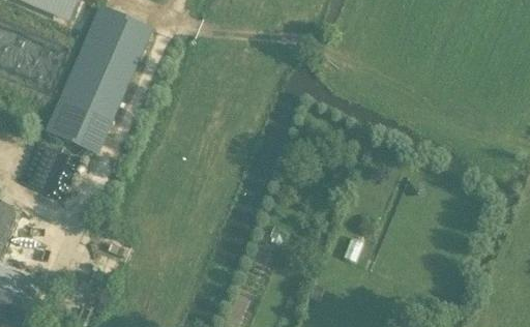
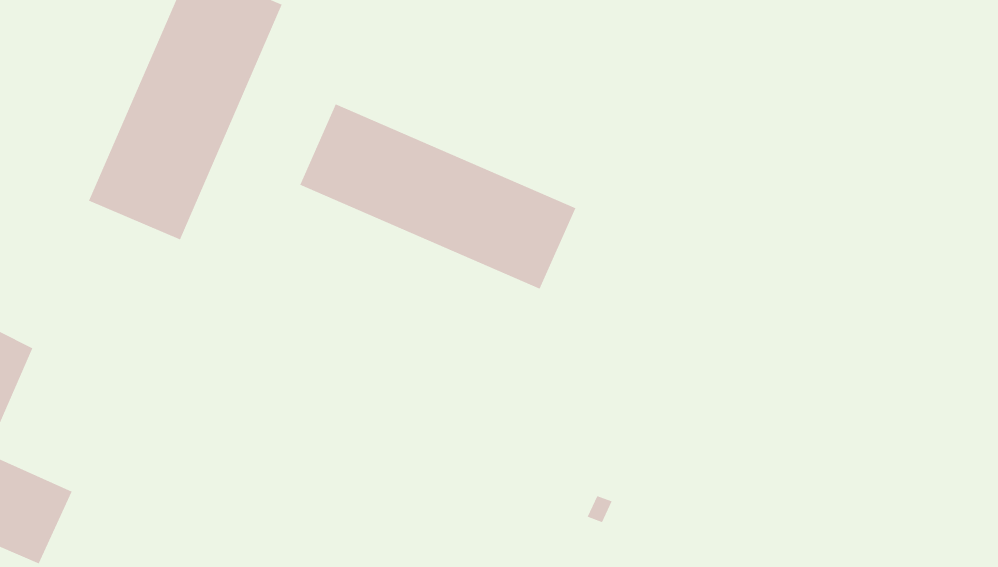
building: none -> [299,104,576,290]

